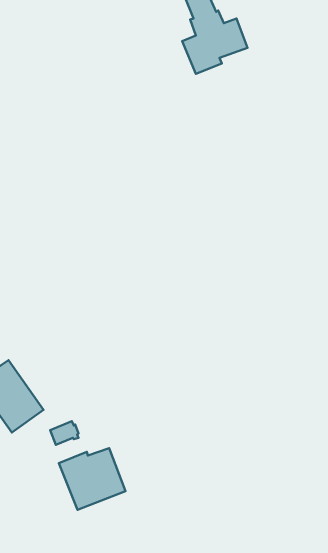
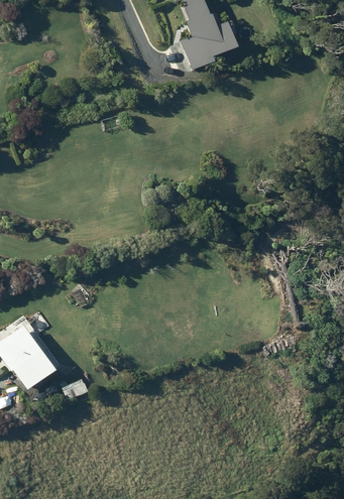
building: [59,448,126,510] -> none

